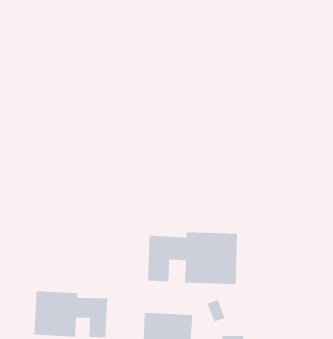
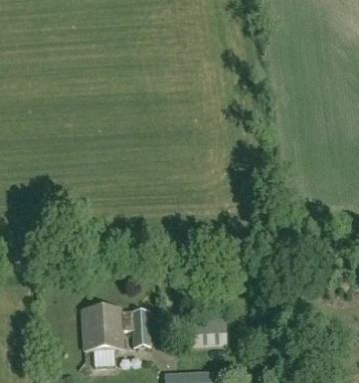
building: [147,232,238,285] -> none

